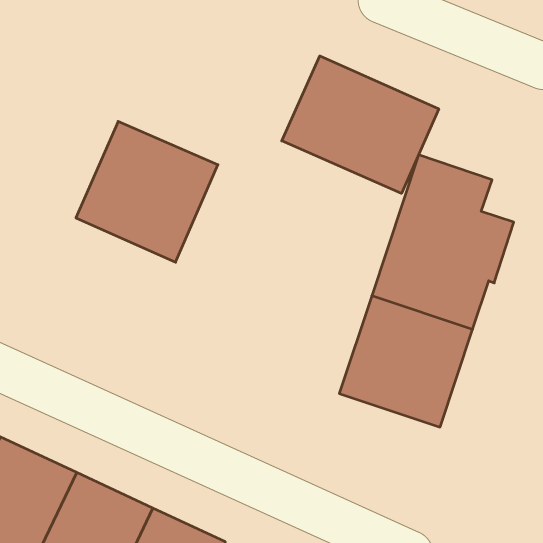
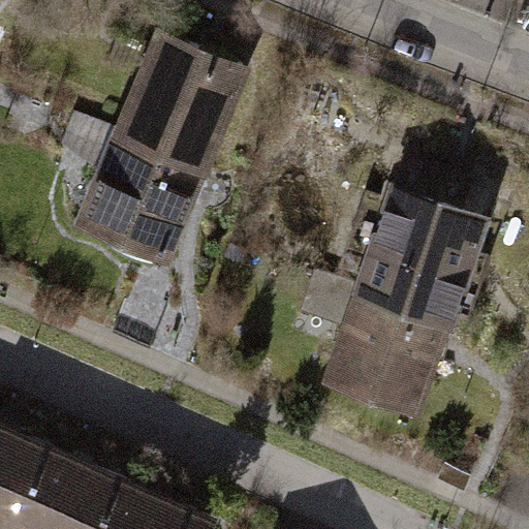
building: none -> [113,34,249,167]
building: [282,56,439,193] -> none

